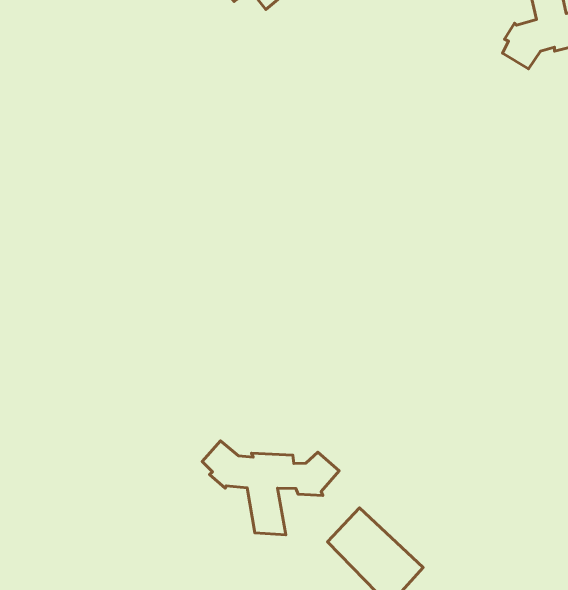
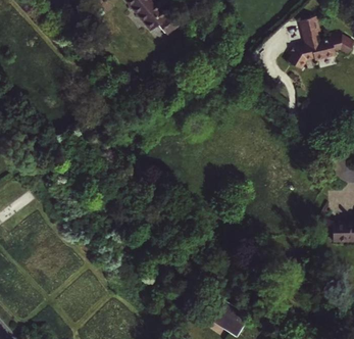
building: [202,441,339,535] -> none

